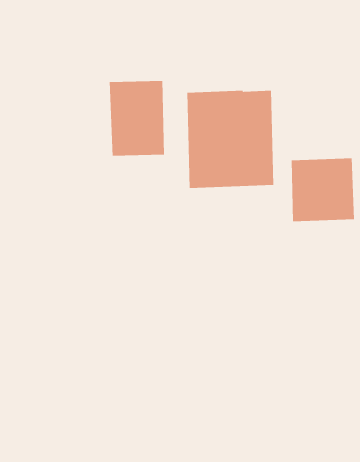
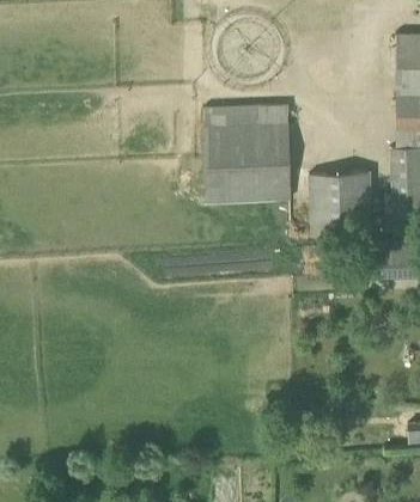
building: [109,80,165,156] -> none

